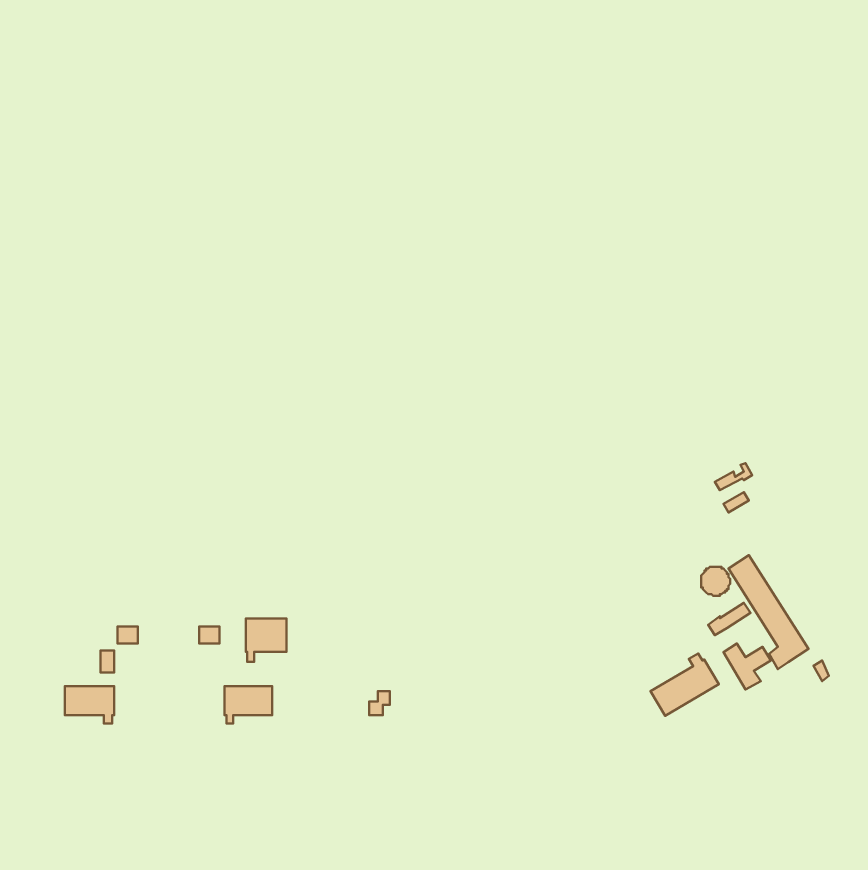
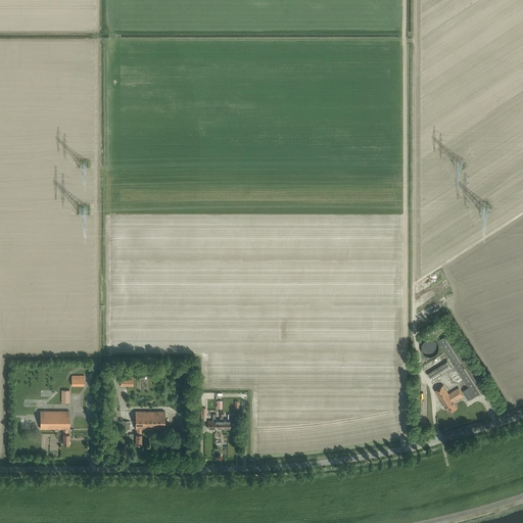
building: [246,619,286,662] -> none
building: [651,653,719,716] -> none

